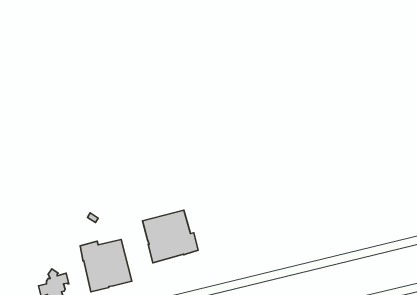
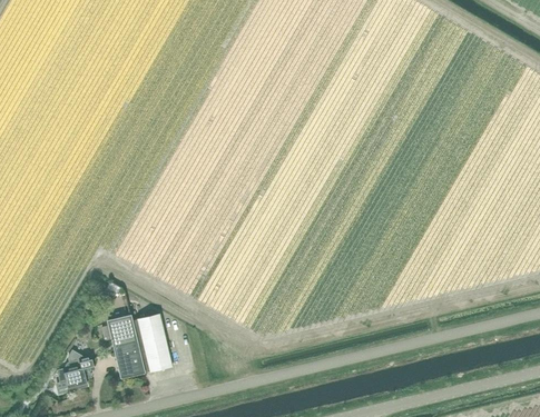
building: [142,210,198,263] -> none

